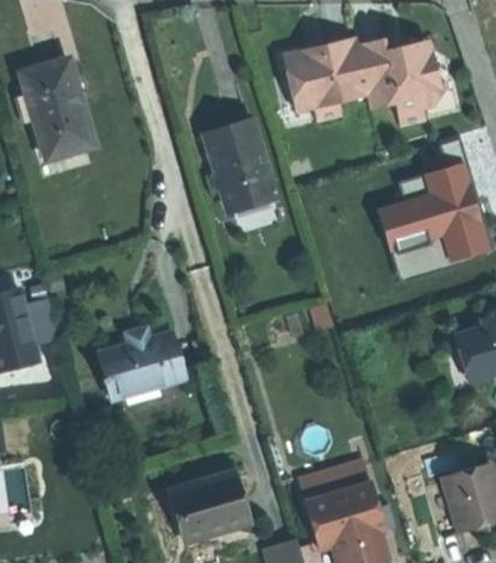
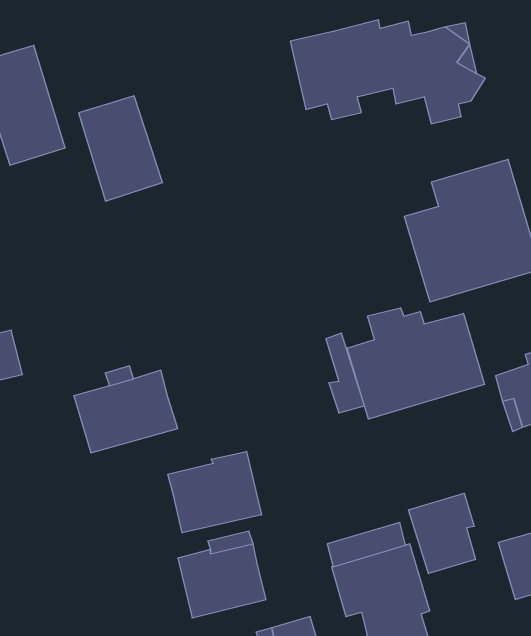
building: [201,125,271,213] -> [79,96,163,201]
building: none -> [347,308,484,419]
building: none -> [168,451,262,533]
building: none -> [409,493,476,574]

